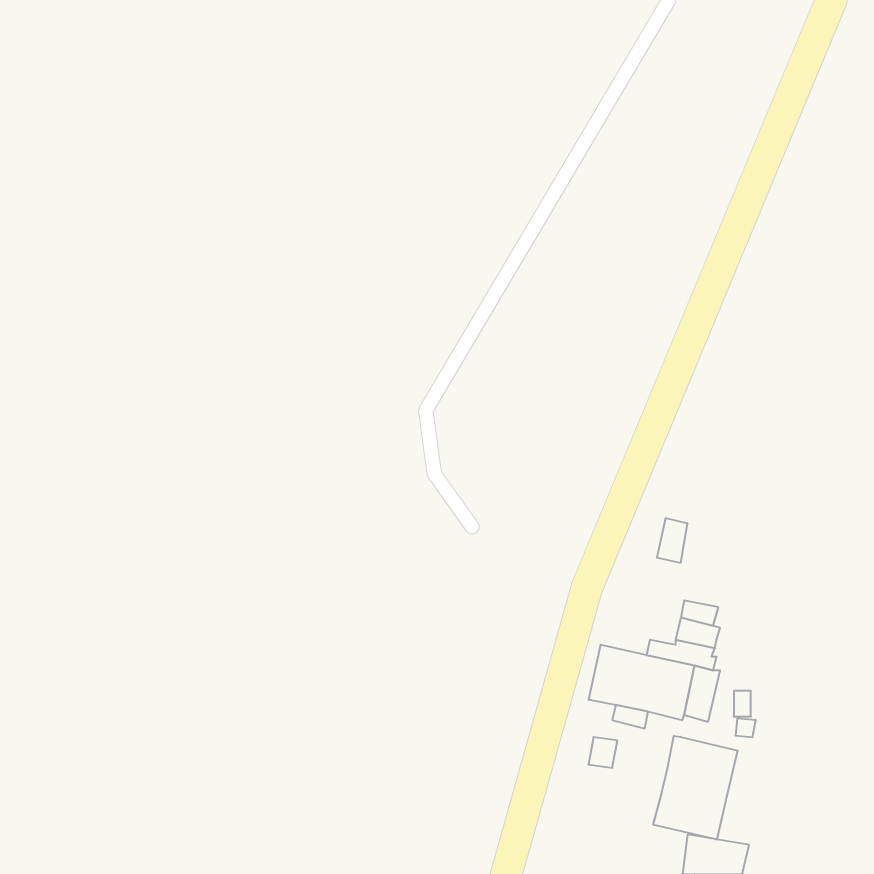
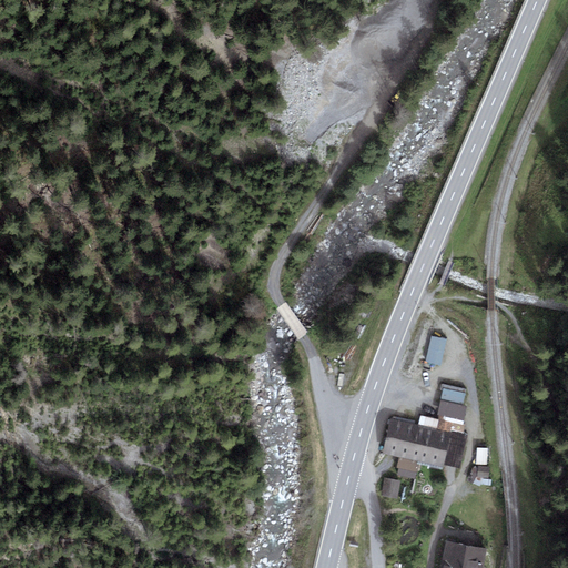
building: [653,736,737,840] -> none

